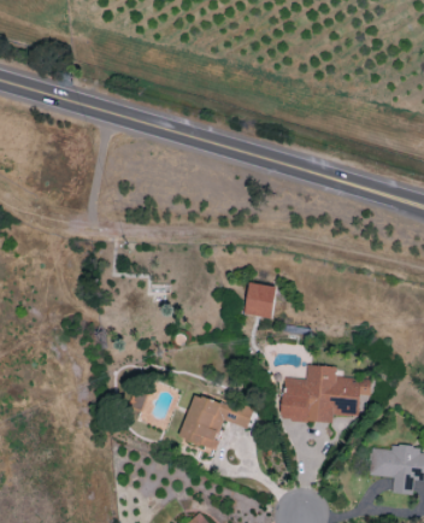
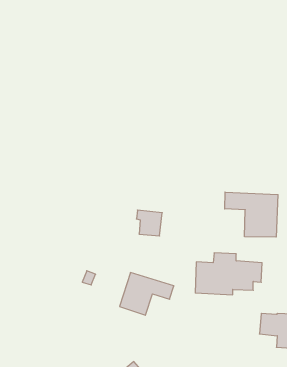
building: [241,282,276,317] -> [136,210,162,236]
building: none -> [225,192,278,237]

